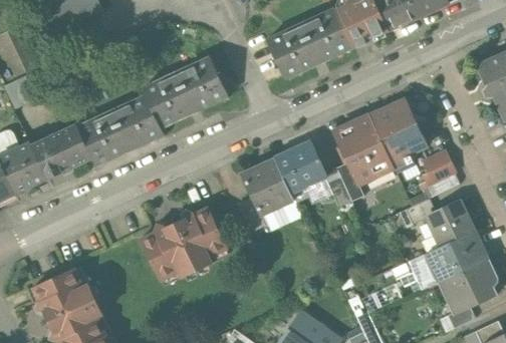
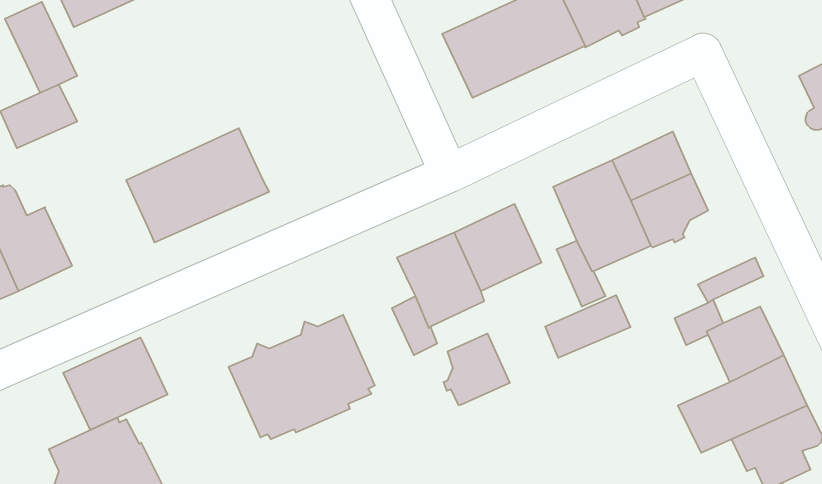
building: [143,58,227,126] -> none
building: [30,123,92,179] -> [63,337,167,430]
building: [423,151,454,186] -> none
building: none -> [545,295,631,358]
building: none -> [444,334,510,405]

